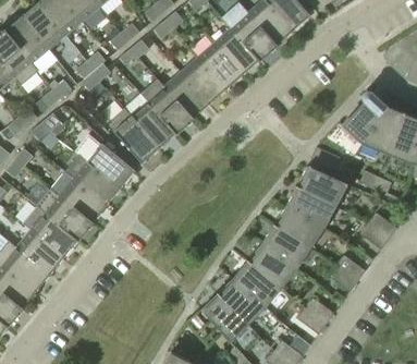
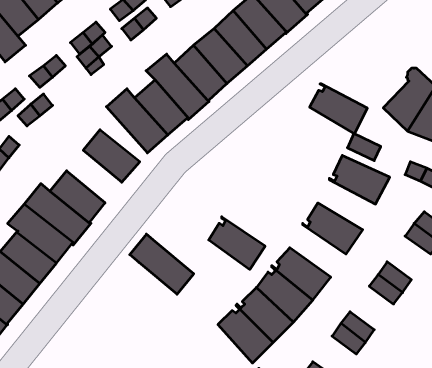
building: [65,154,120,205] -> [130,234,194,294]
building: [286,185,335,228] -> [310,84,367,134]
building: [262,223,310,268] -> [209,217,265,269]

